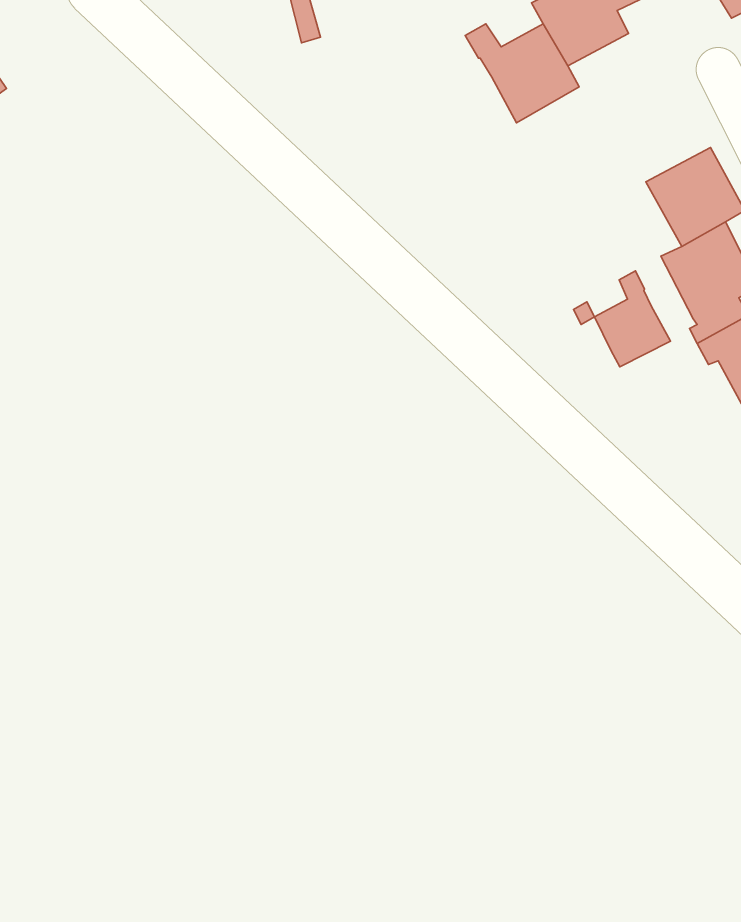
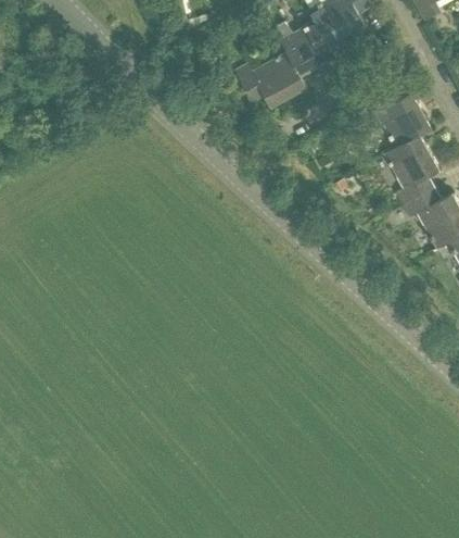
building: none -> [233,51,307,108]
building: [594,271,670,367] -> none

